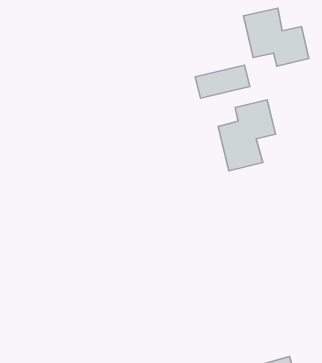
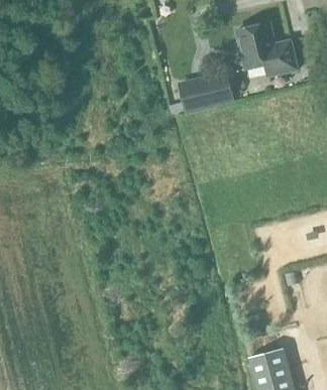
building: [218,100,275,171] -> none

